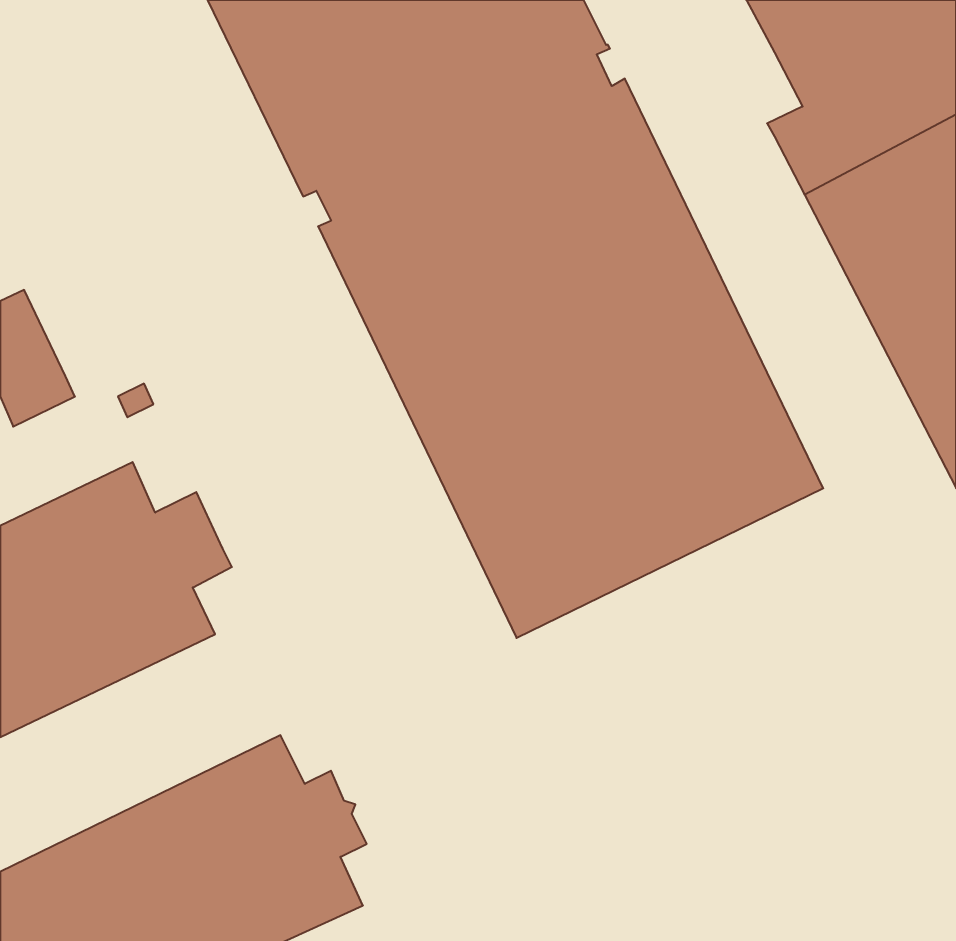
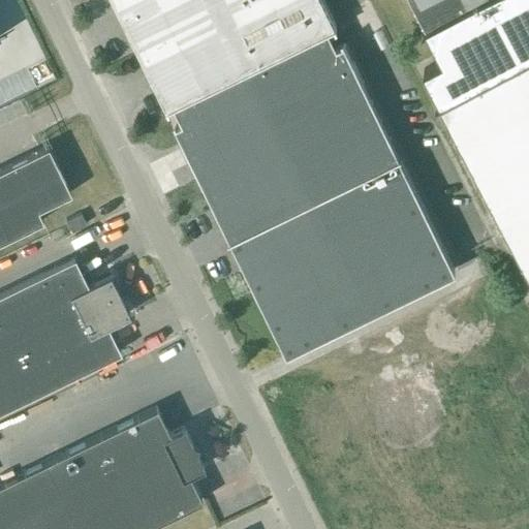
building: none -> [13,153,69,216]

